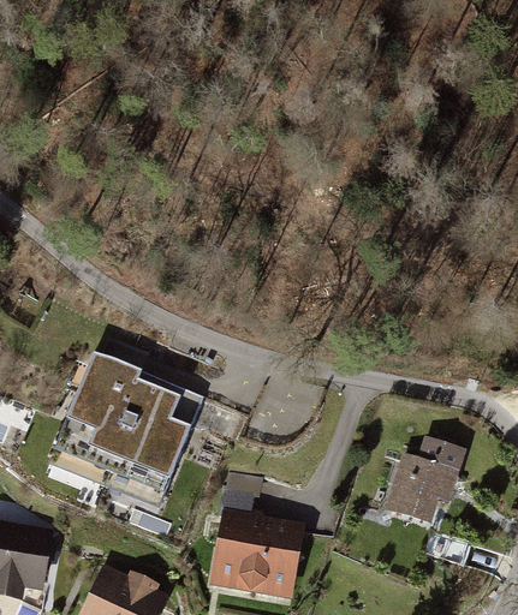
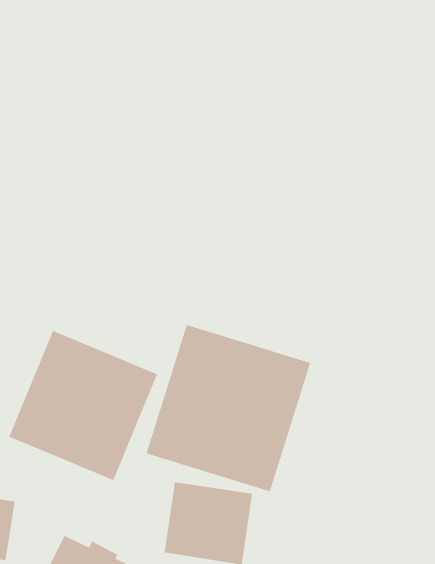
building: none -> [146,324,311,492]
building: [380,443,462,541] -> none

